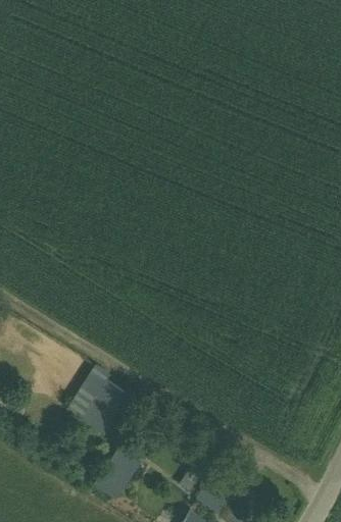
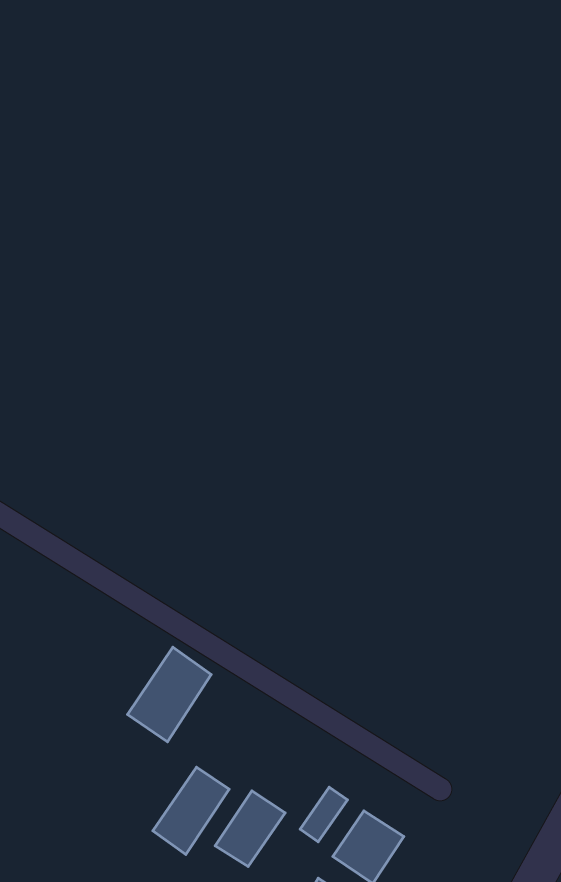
building: [66,364,109,418] -> none
building: none -> [215,791,285,866]

